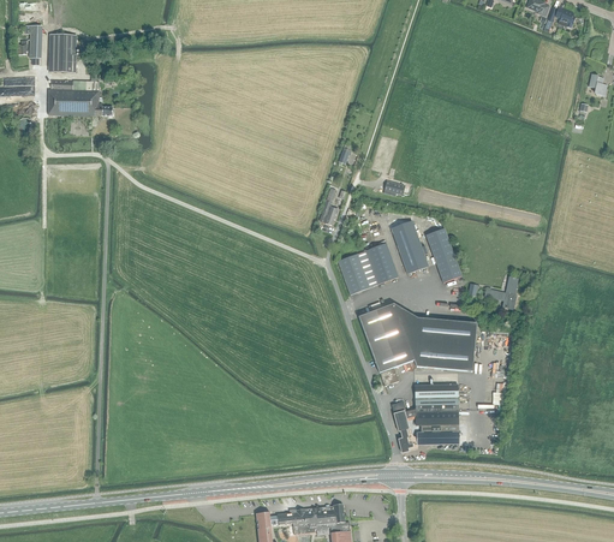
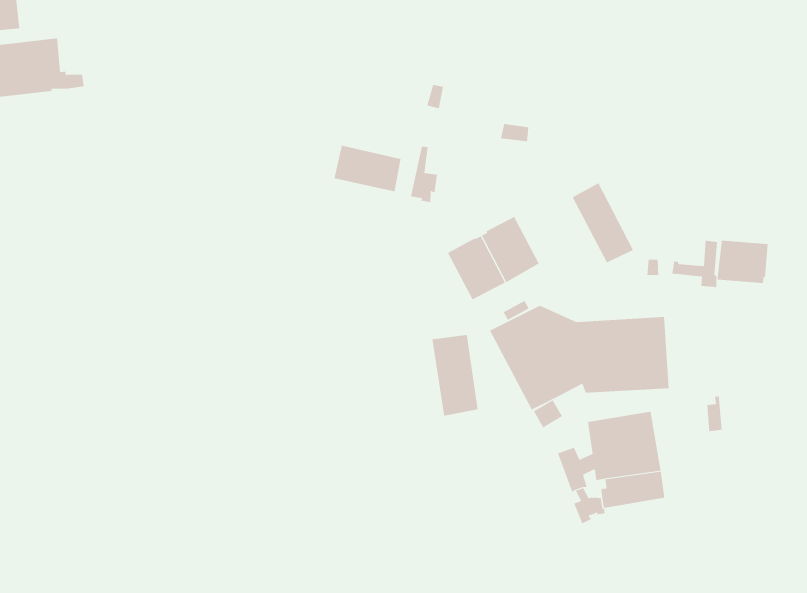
building: none -> [334,145,401,192]
building: [391,219,428,272] -> none
building: none -> [717,240,768,284]
building: none -> [432,334,478,416]

